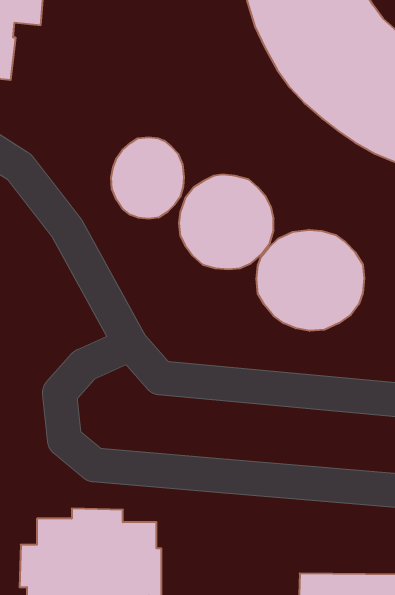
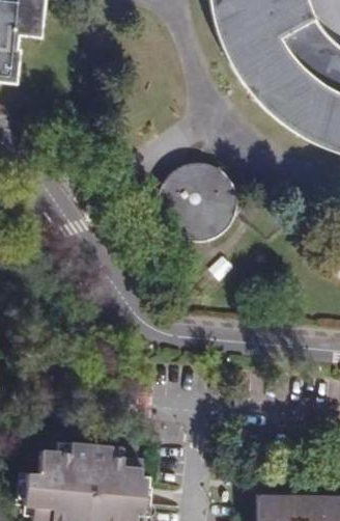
building: [111,137,184,219] -> none
building: [257,230,364,331] -> none

